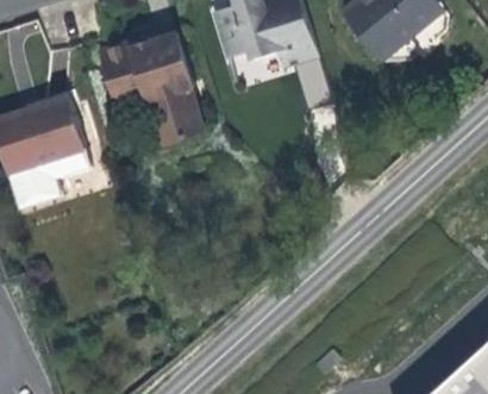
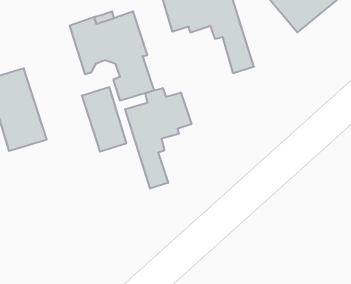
building: [40,95,96,176] -> [82,87,126,152]
building: none -> [125,88,191,189]

